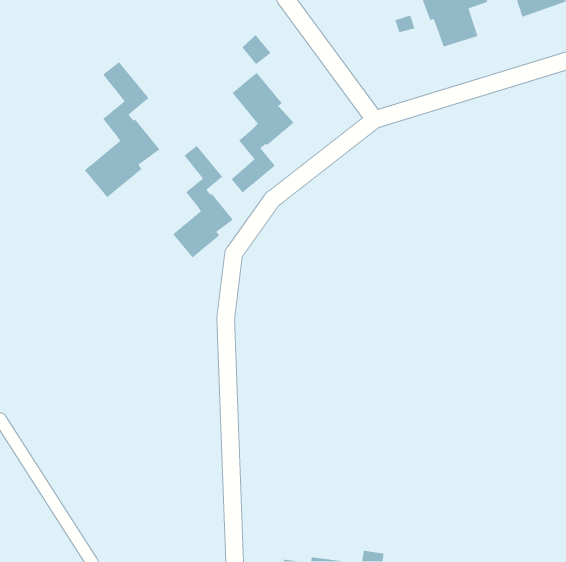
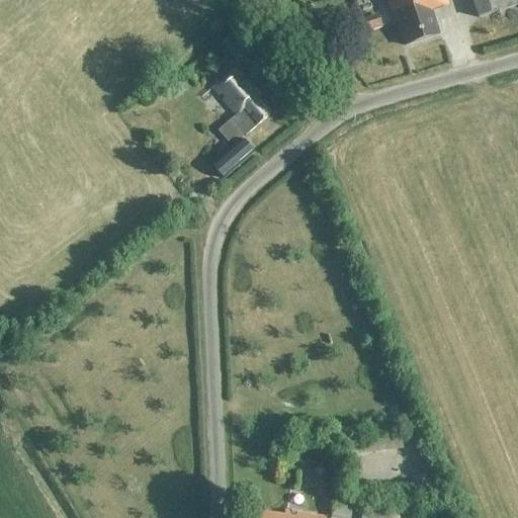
building: [84,61,160,198] -> none
building: [172,145,234,258] -> none

